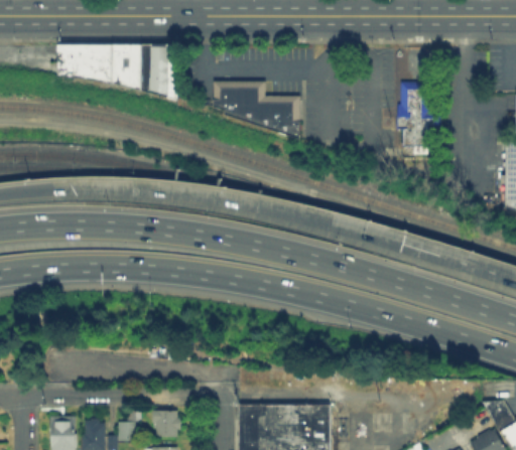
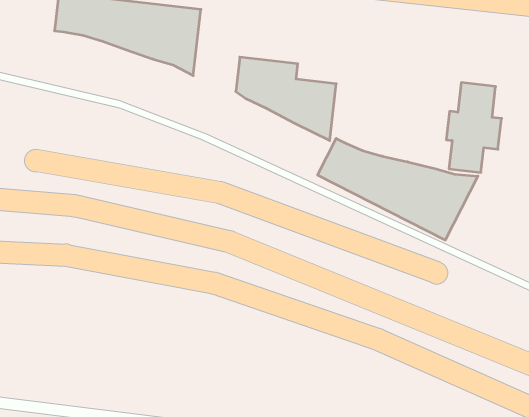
building: none -> [318,138,478,240]

